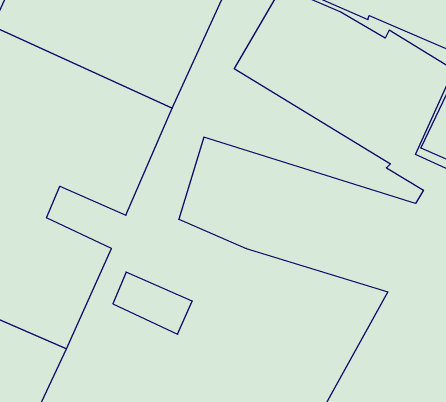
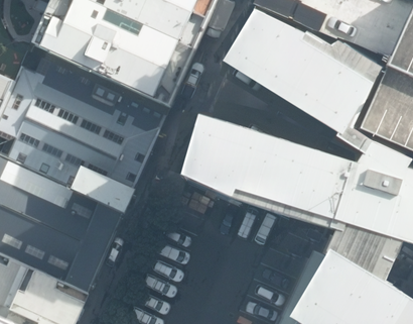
building: [113,272,192,334] -> [77,154,137,202]

